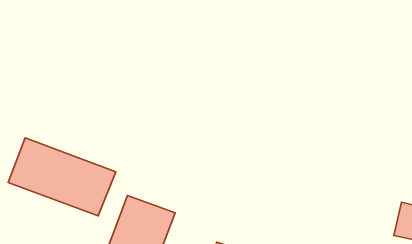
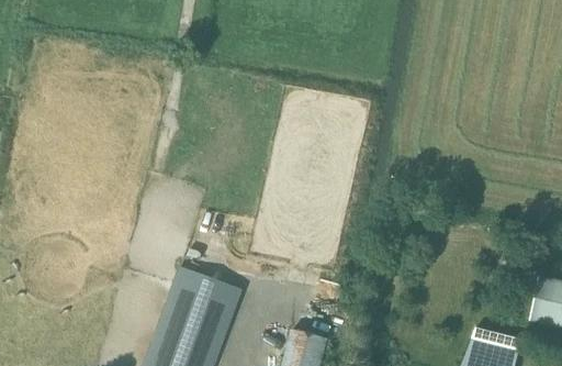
building: [8,138,116,216] -> none

